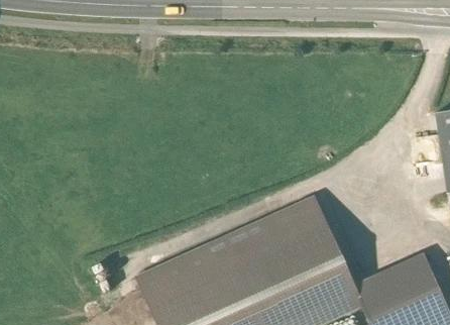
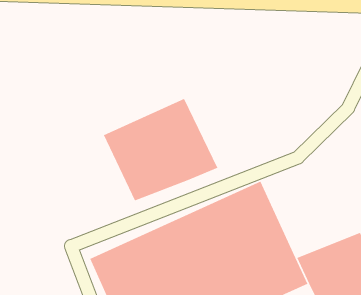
building: none -> [103,98,218,201]

